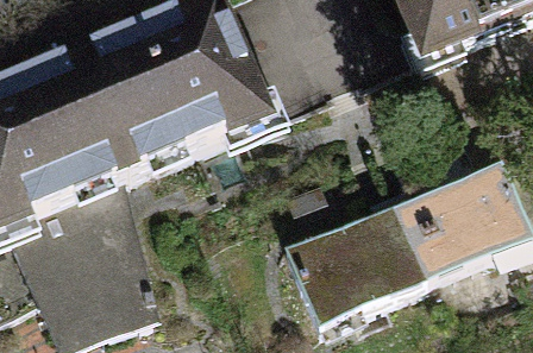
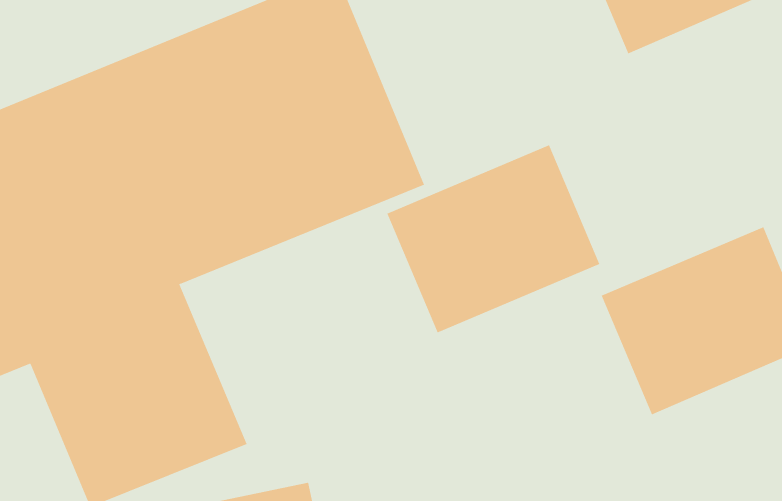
building: [288,213,428,336] -> [386,145,600,333]

